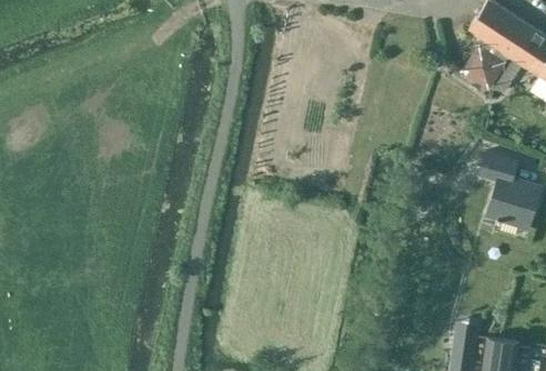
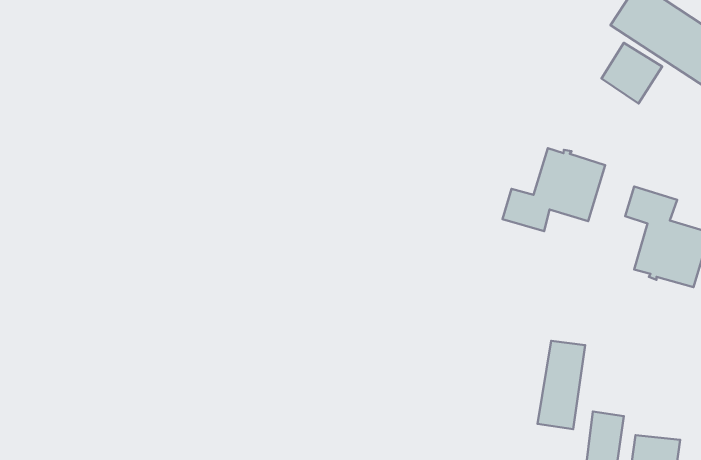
building: none -> [502,148,605,231]
building: none -> [538,341,585,429]

